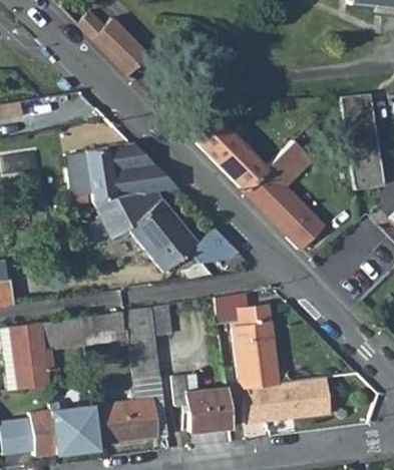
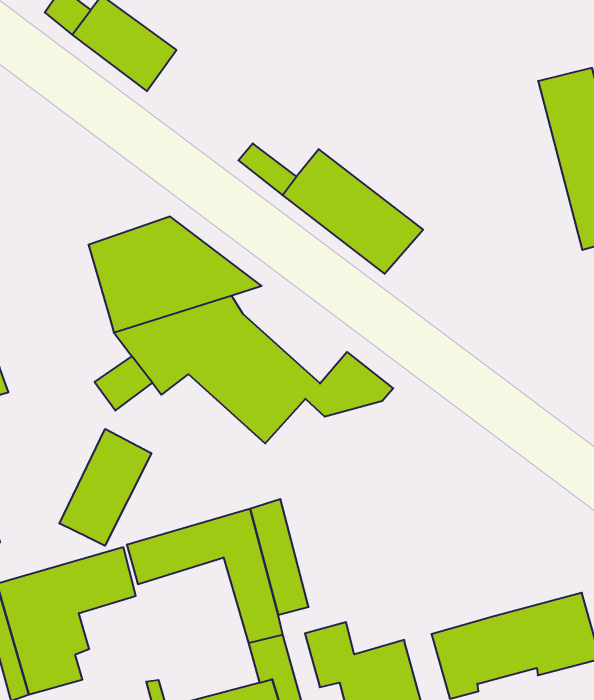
building: [244,142,326,249] -> none
building: [66,151,92,194] -> none
building: none -> [59,429,151,546]
building: [216,292,278,389] -> none

